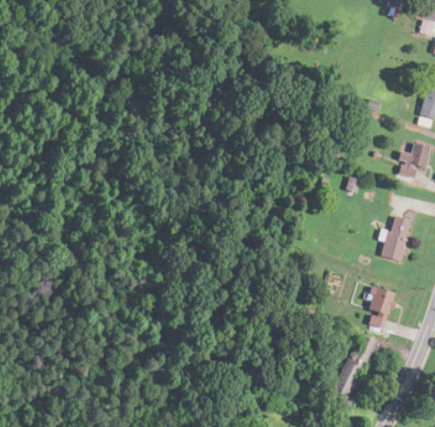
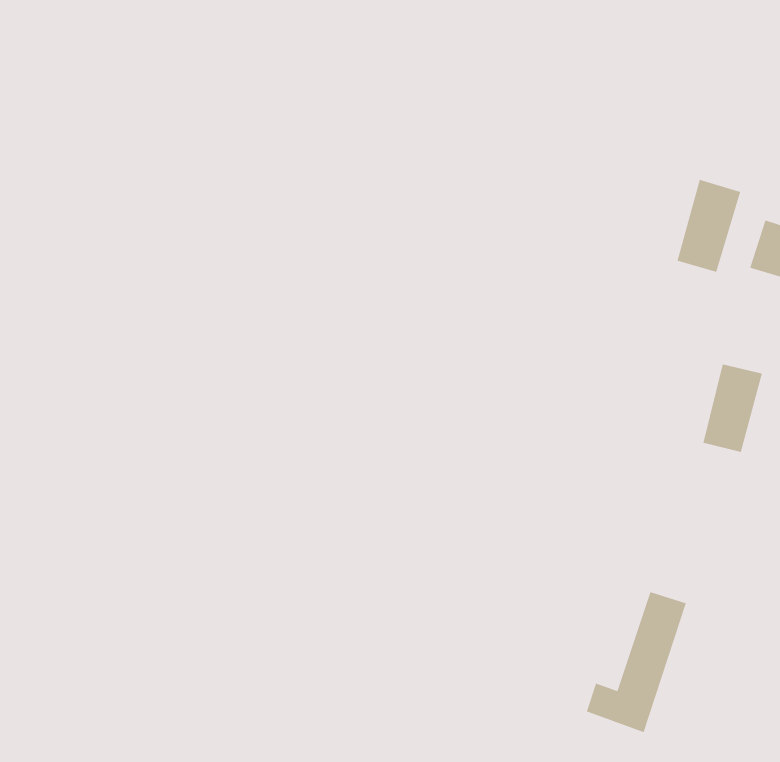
building: none -> [677,179,741,273]
building: [370,288,390,325] -> none

